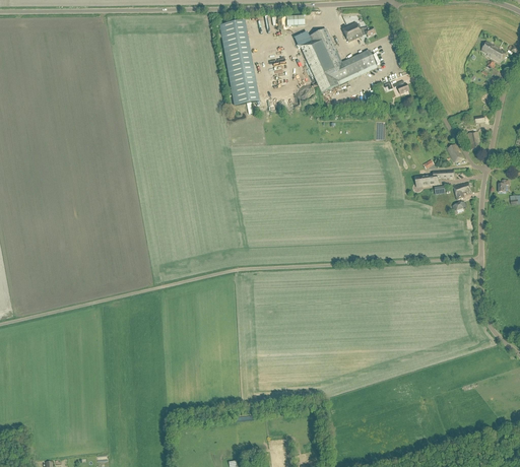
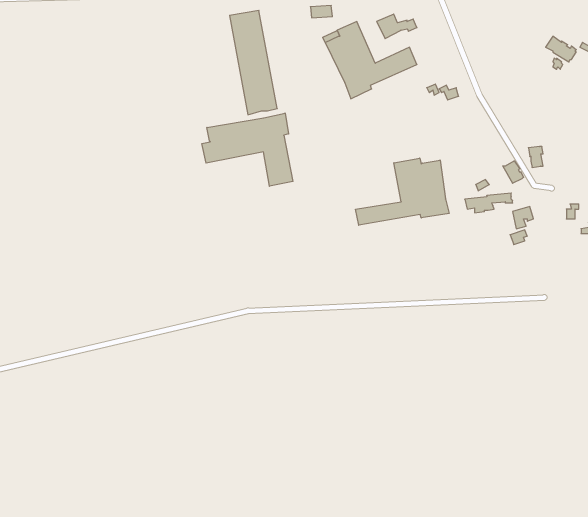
building: none -> [202,113,293,186]
building: none -> [356,158,449,225]

